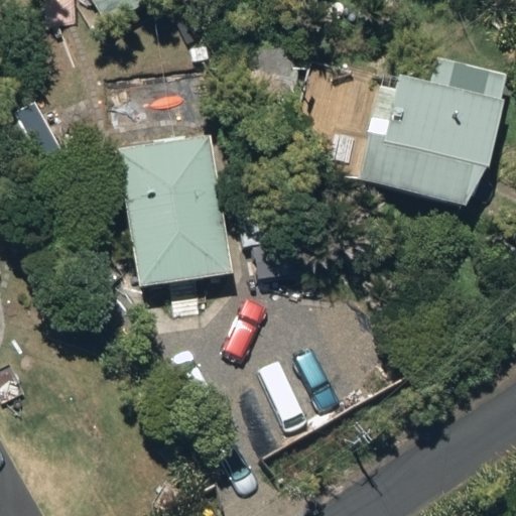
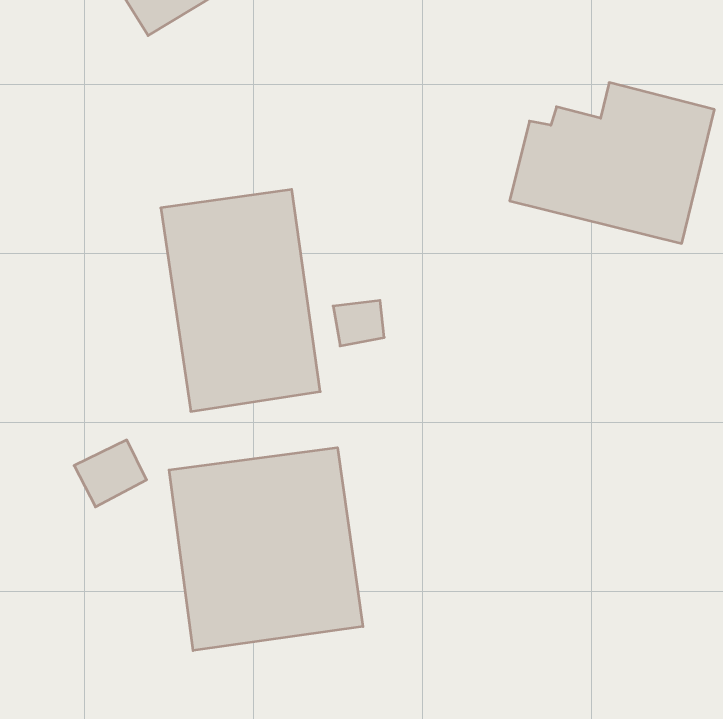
building: none -> [169,448,363,651]

